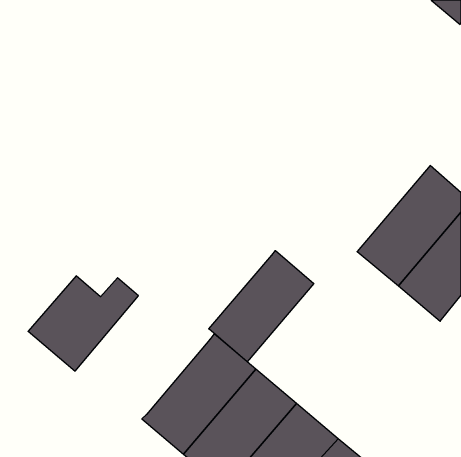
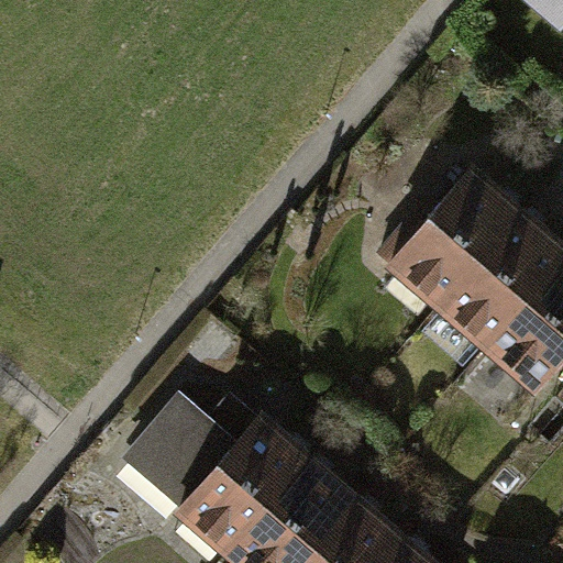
building: none -> [385,166,523,312]
building: [209,251,314,362] -> none
building: [28,276,138,371] -> [121,395,255,510]

